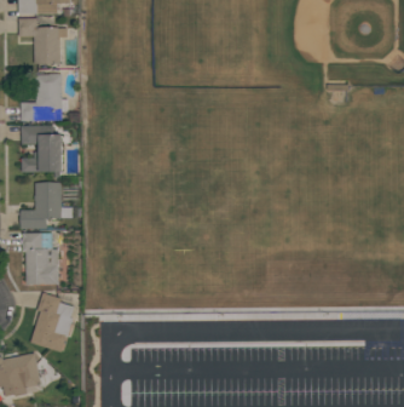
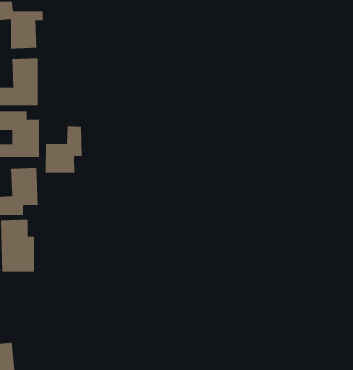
building: none -> [45,126,82,173]
building: [30,292,75,351] -> none

